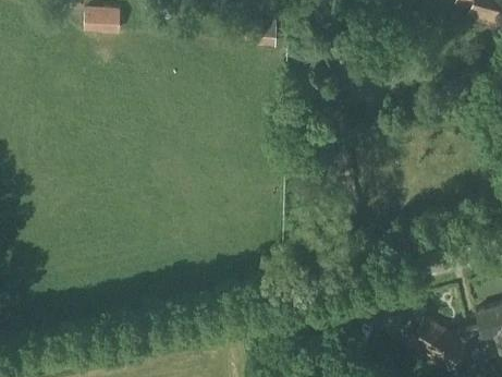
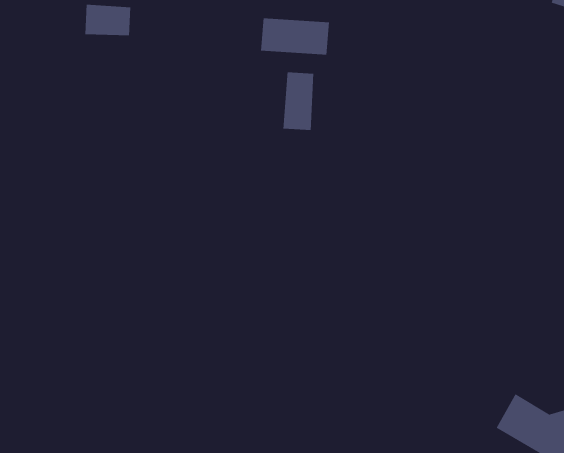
building: none -> [283,72,314,131]

